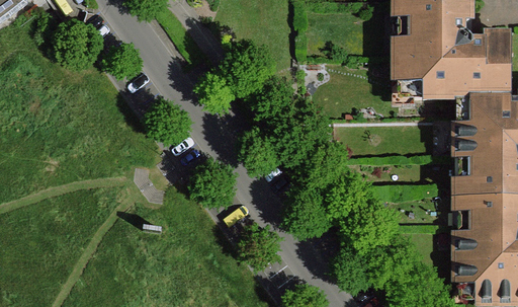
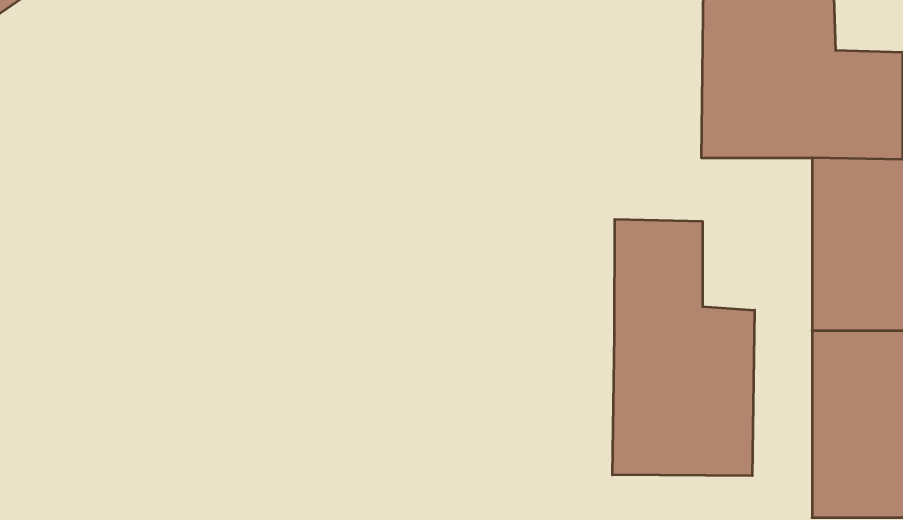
building: none -> [612,219,755,476]

